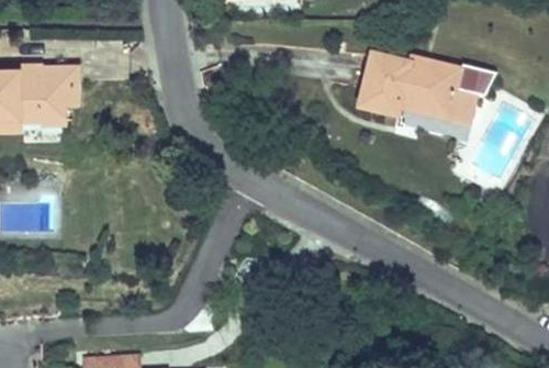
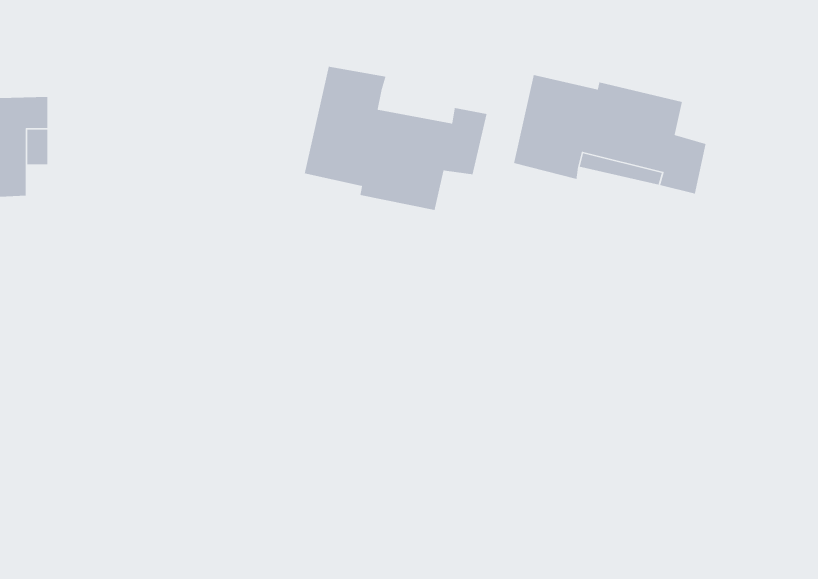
building: none -> [304,66,487,211]

